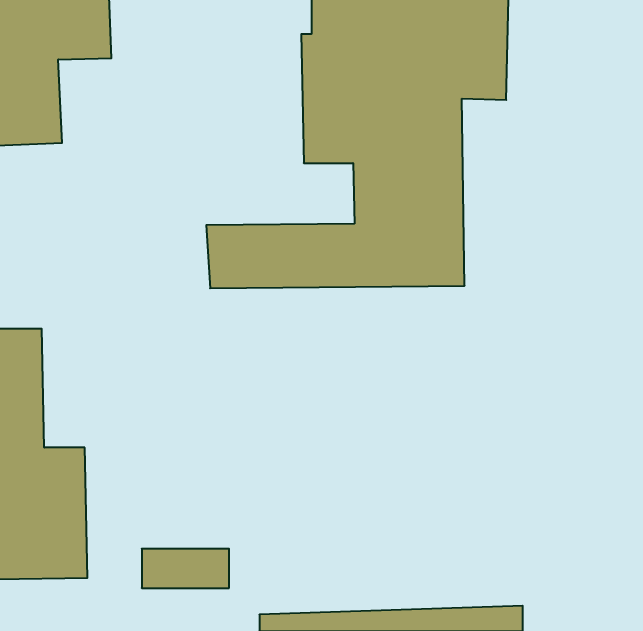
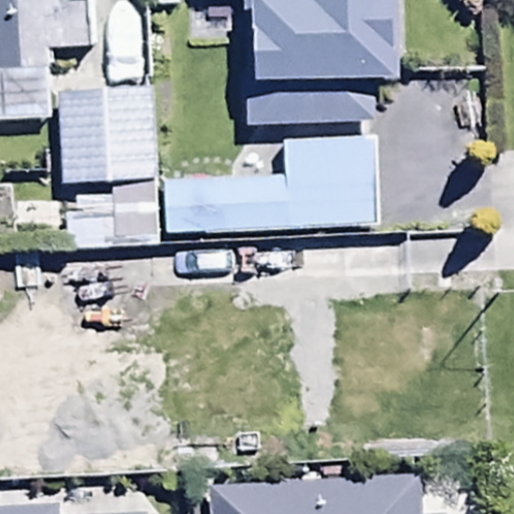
building: none -> [58,85,157,228]

